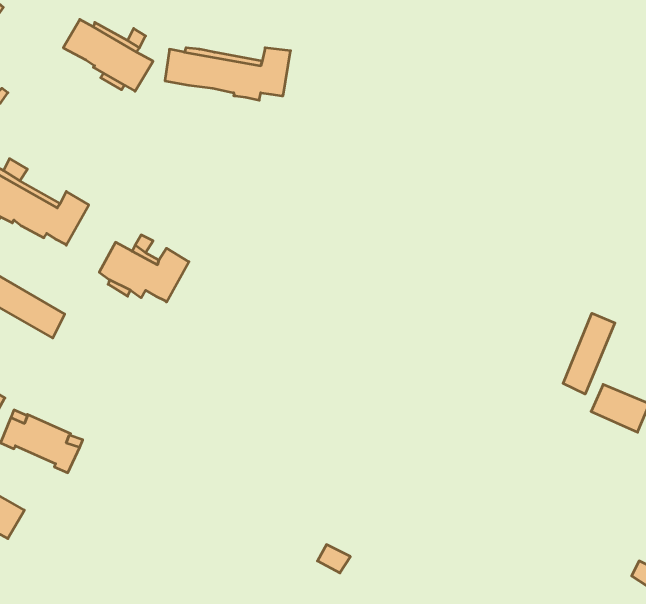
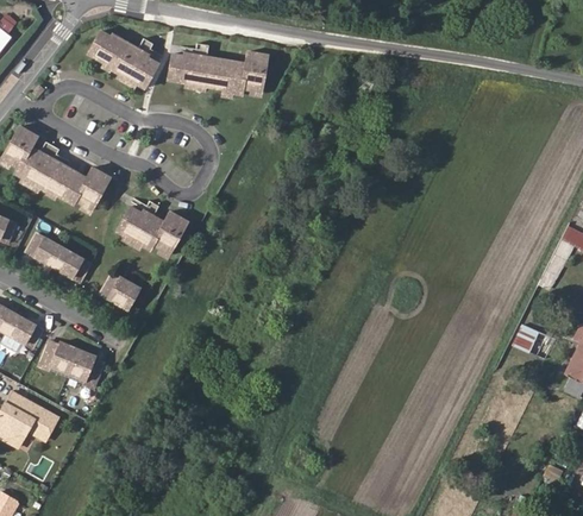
building: [563,313,615,394] -> none
building: none -> [101,276,140,308]

